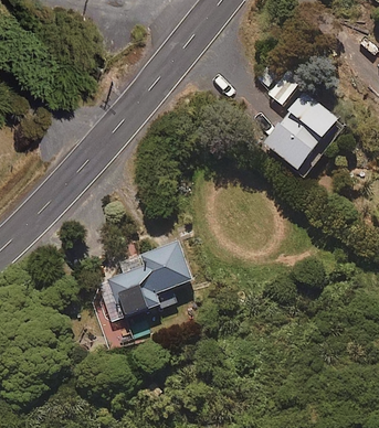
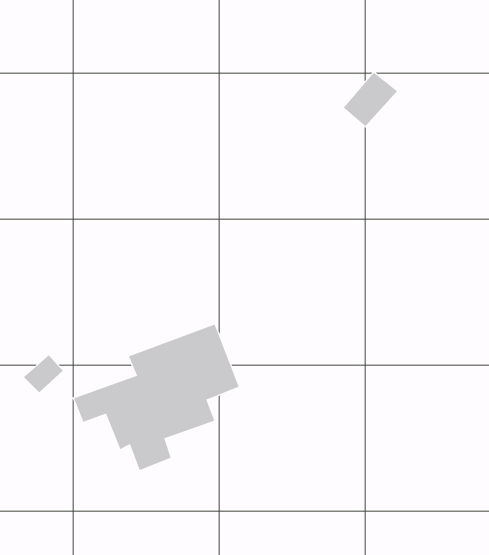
building: [261,89,338,169] -> none

